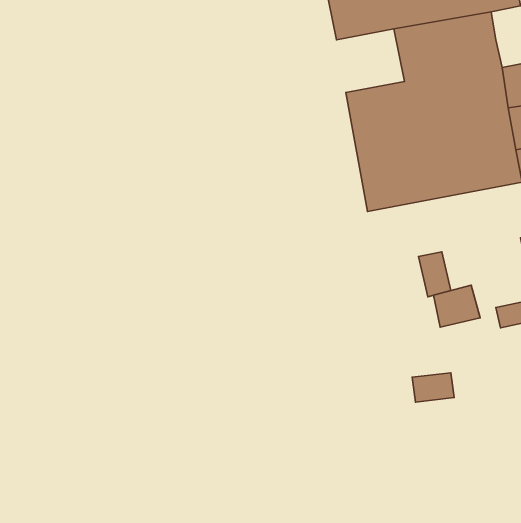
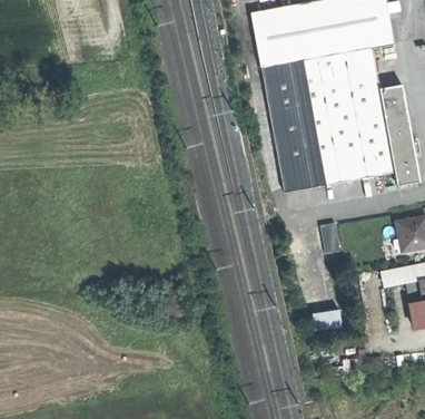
building: none -> [261,60,310,106]
building: [433,285,480,327] -> none

